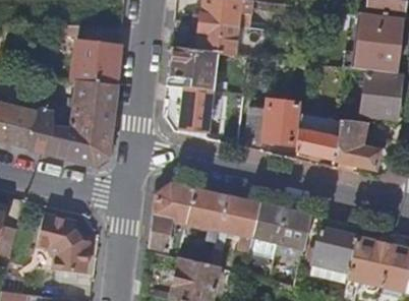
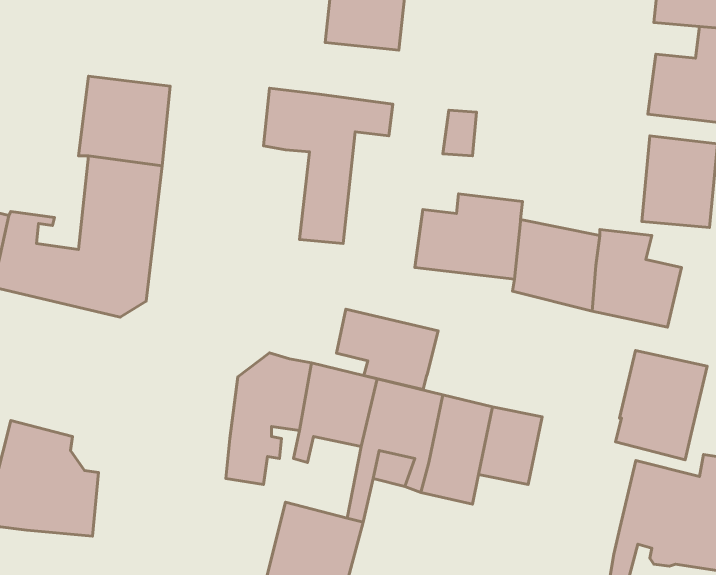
building: [197,22,238,54] -> none
building: none -> [336,309,438,389]
building: [312,228,359,284] -> [616,350,707,460]

